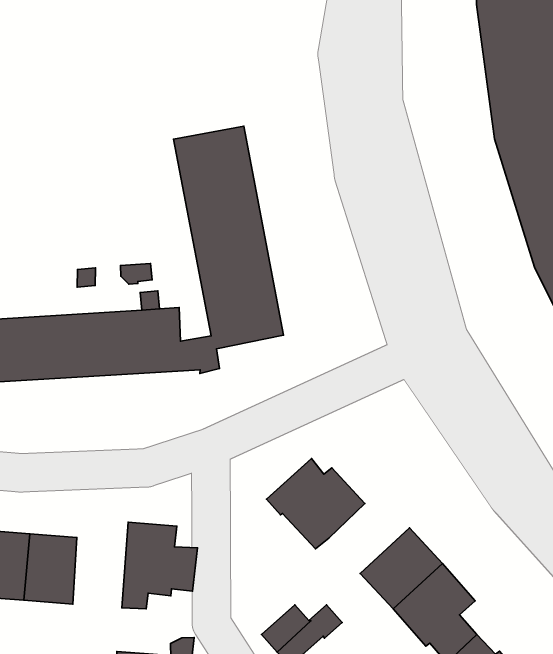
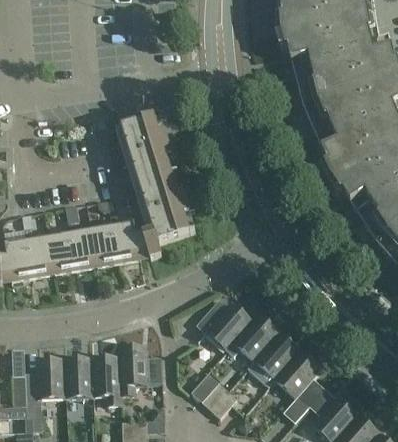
building: none -> [234,313,279,360]
building: none -> [91,346,121,406]

